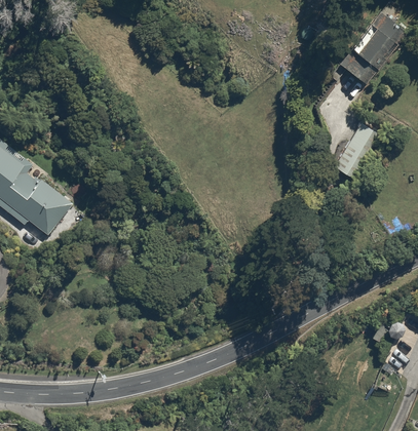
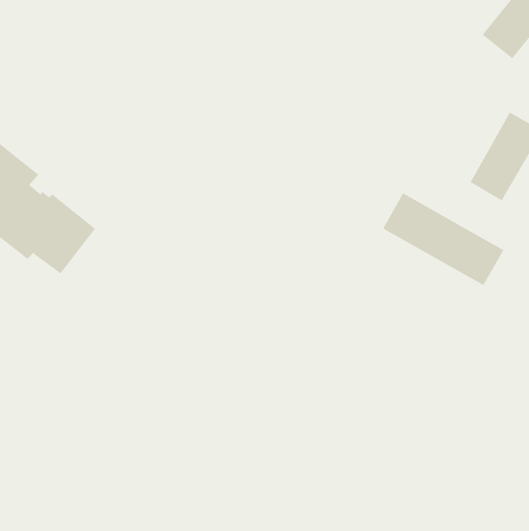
building: none -> [383,193,504,286]

